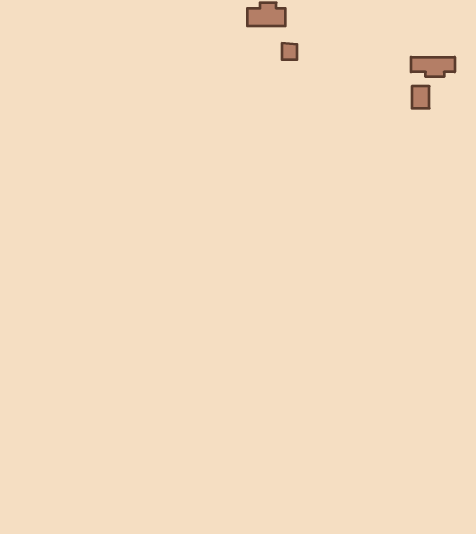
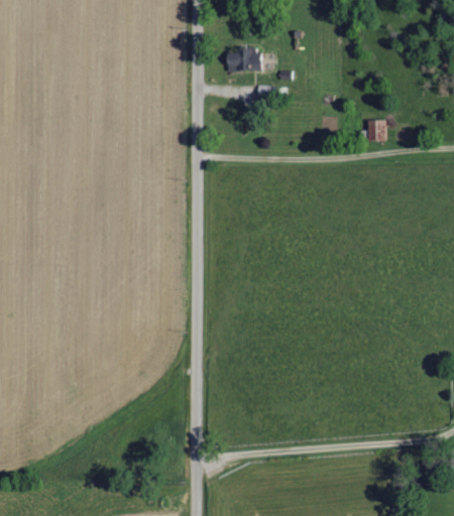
building: [411,57,455,77] -> none

